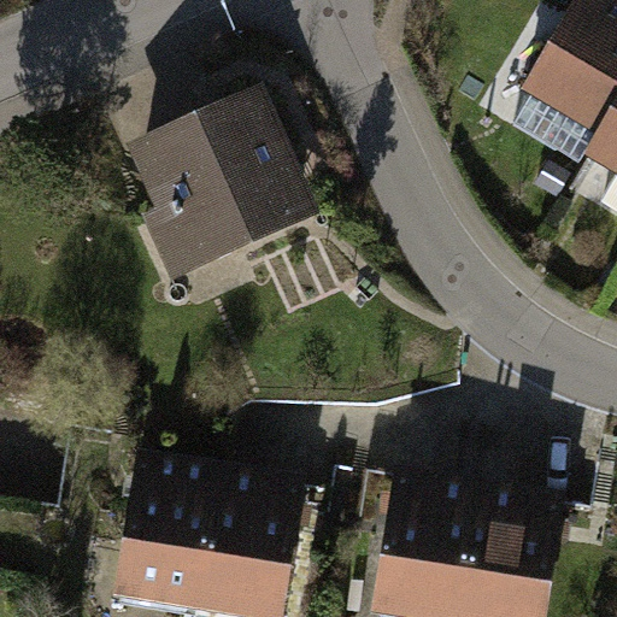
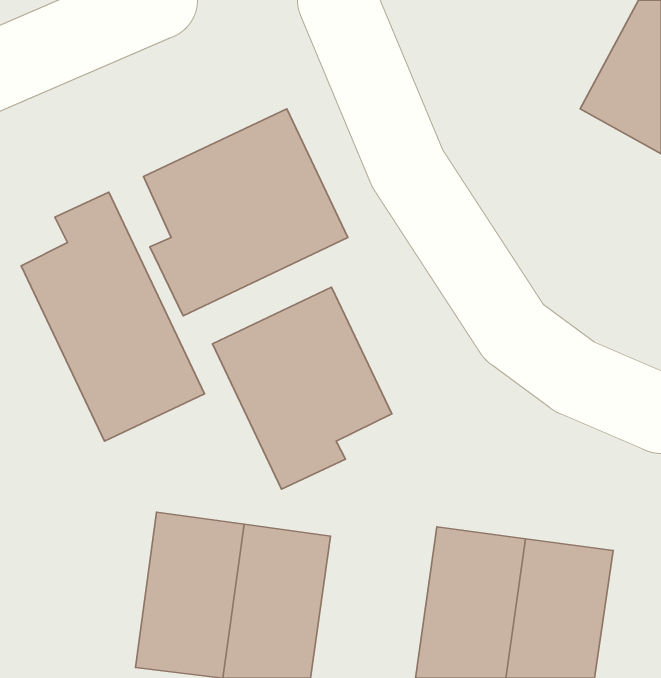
building: none -> [21,192,204,441]
building: none -> [213,287,392,489]

